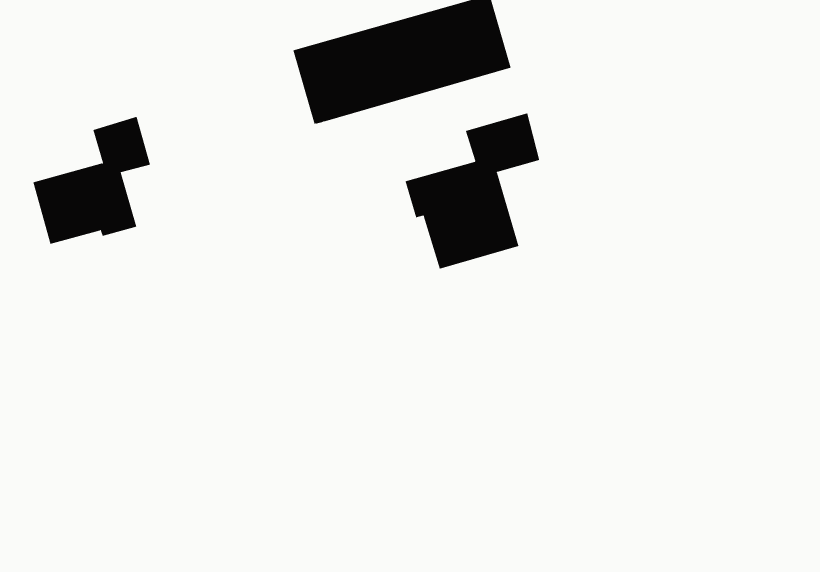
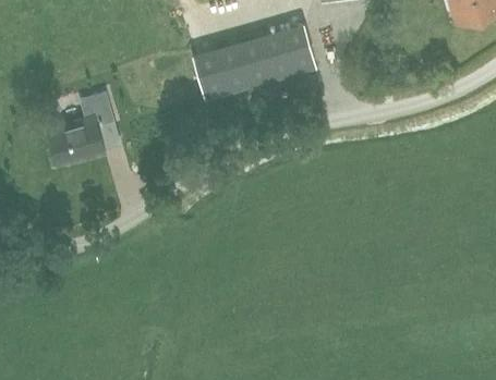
building: [405,112,540,270] -> none

